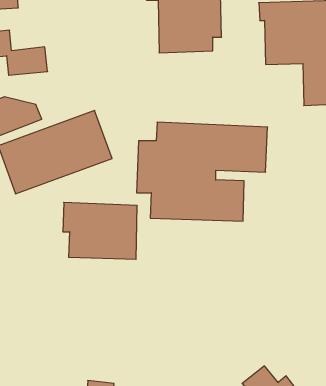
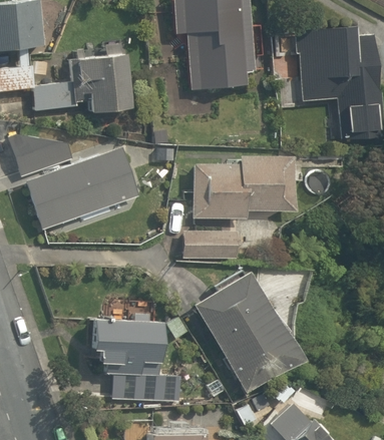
building: none -> [79,53,133,104]
building: [63,202,137,259] -> [100,322,176,380]
building: none -> [193,272,299,385]

